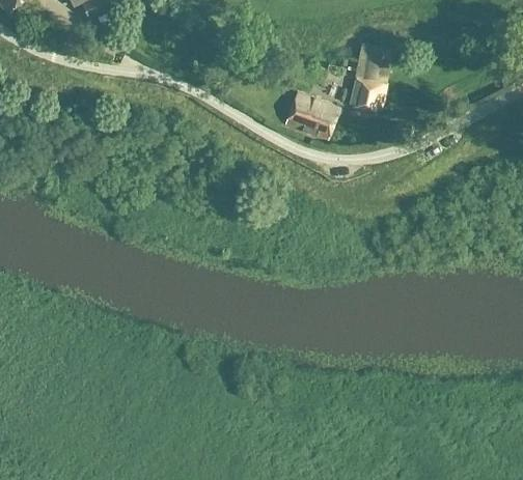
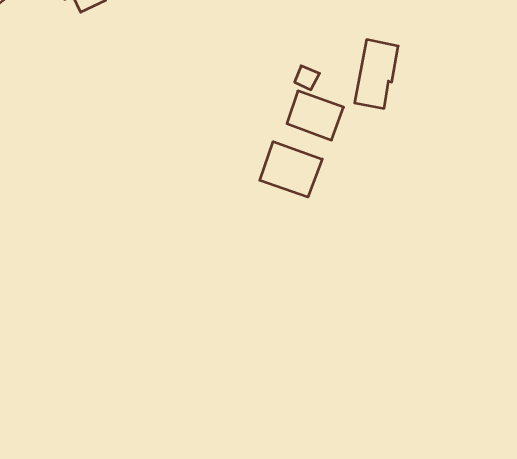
building: none -> [260,142,322,197]

